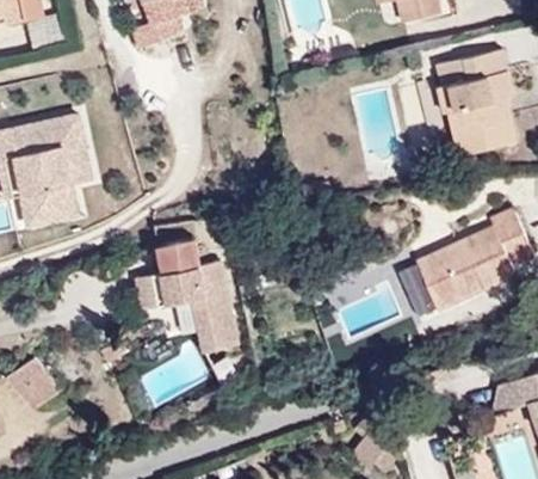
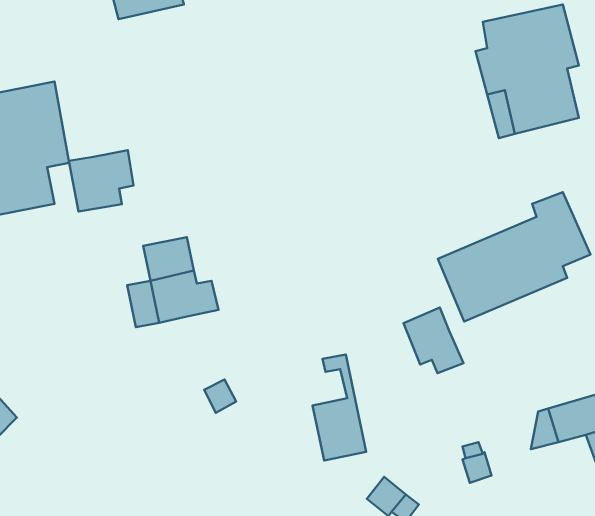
building: none -> [69,150,133,212]
building: [191,265,235,352] -> [312,354,366,461]
building: none -> [403,307,463,373]

